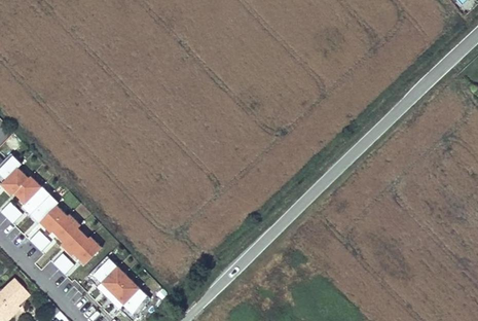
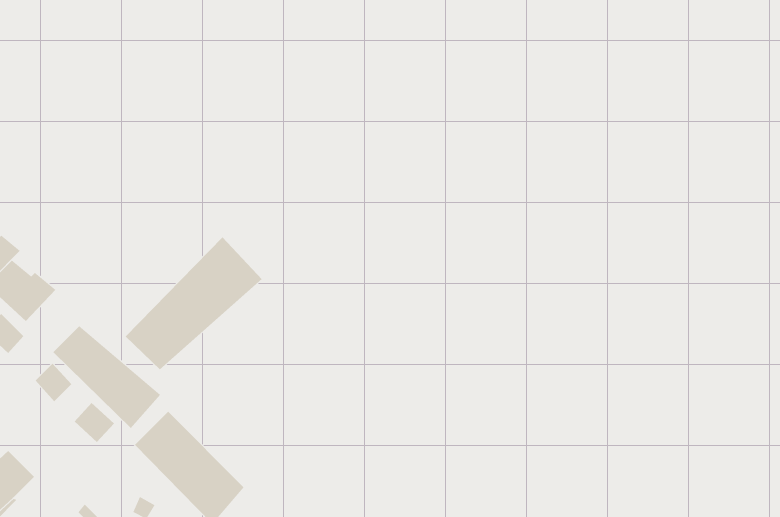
building: none -> [125,236,262,370]
building: [22,187,58,221] -> none

